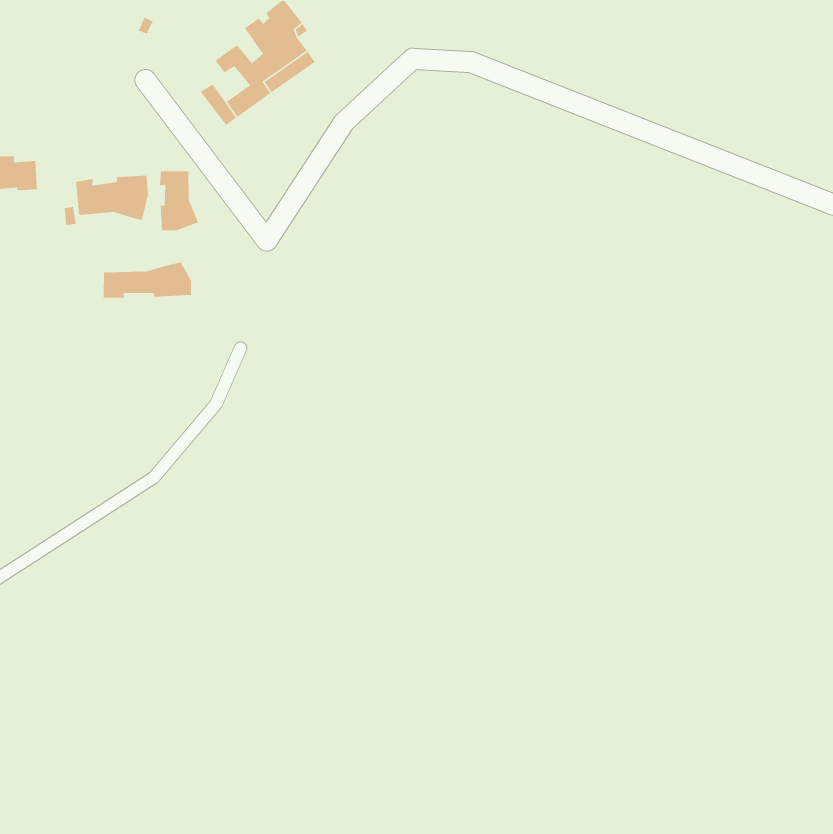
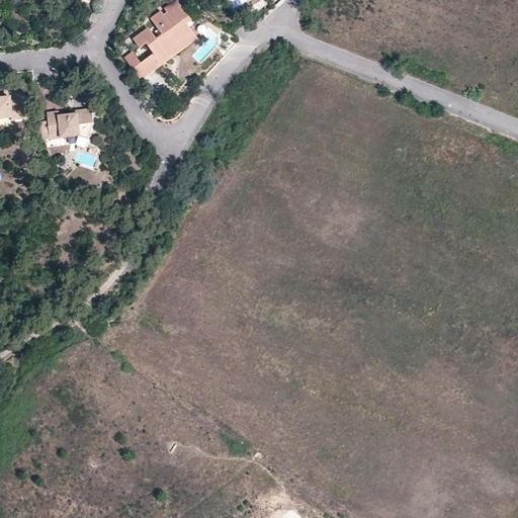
building: [159,171,199,231] -> none
building: [103,261,192,299] -> none

